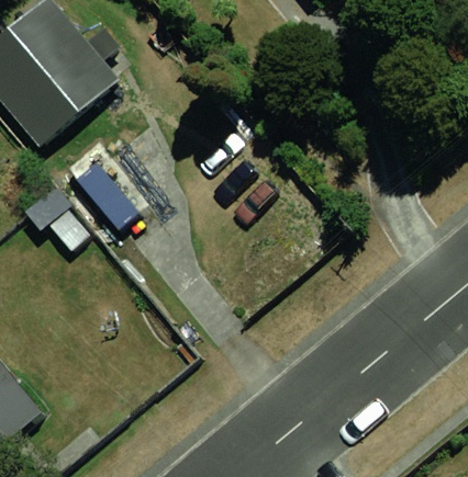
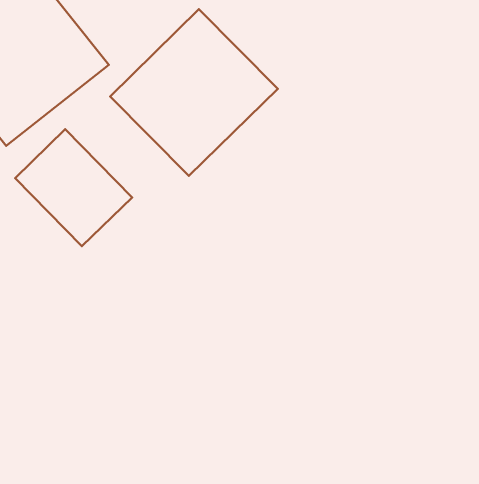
building: none -> [110,9,278,176]

